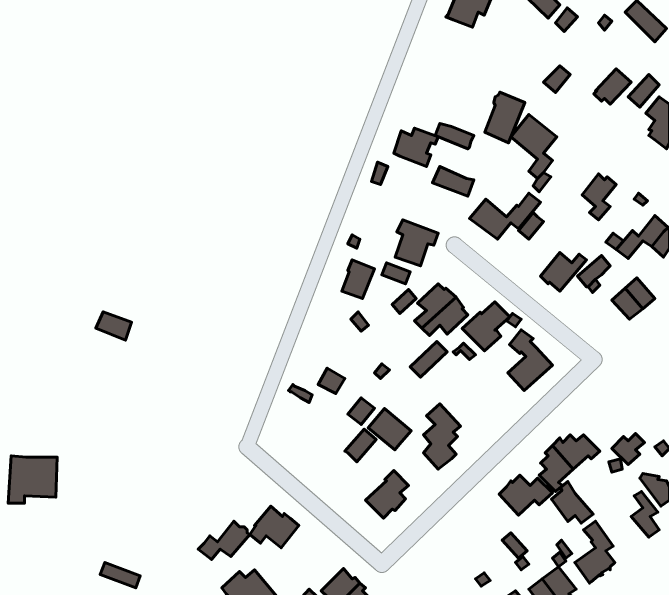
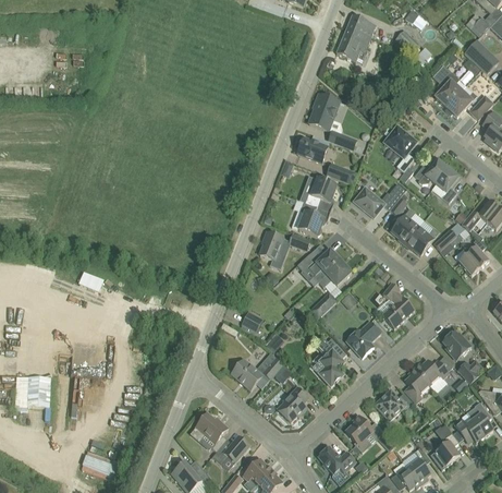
building: none -> [434,71,461,107]
building: [485,92,525,143] -> [309,93,339,130]
building: none -> [414,157,448,183]
building: none -> [304,178,335,212]
building: none -> [390,207,419,243]
building: [462,302,510,351] -> [345,321,380,357]
building: none -> [442,330,470,359]
building: [368,408,411,450] -> [231,359,262,389]
building: [552,482,593,523] -> [454,411,485,442]
building: none -> [345,414,372,452]
building: [198,521,250,560] -> [211,435,249,464]
building: none -> [318,446,355,472]

